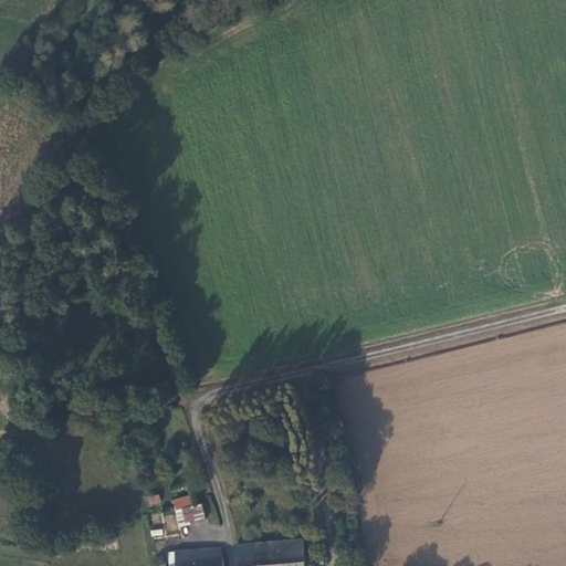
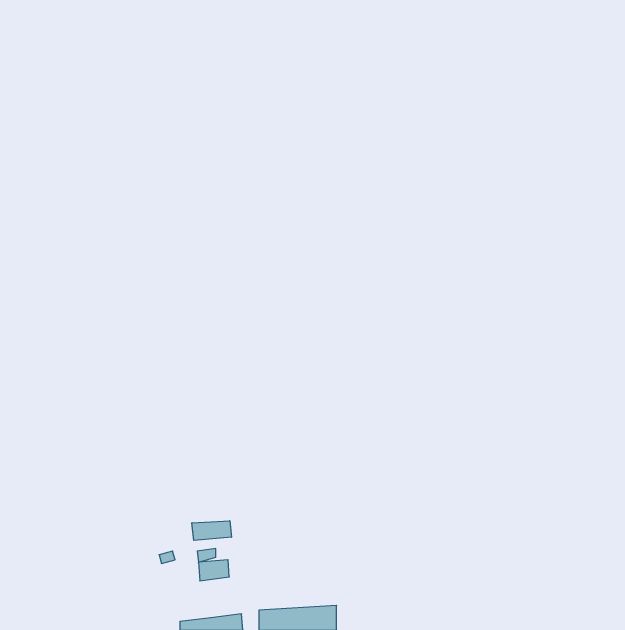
building: none -> [192,521,231,540]

